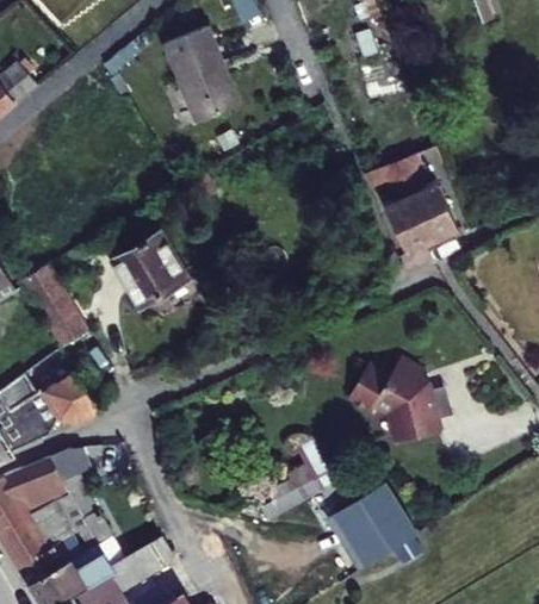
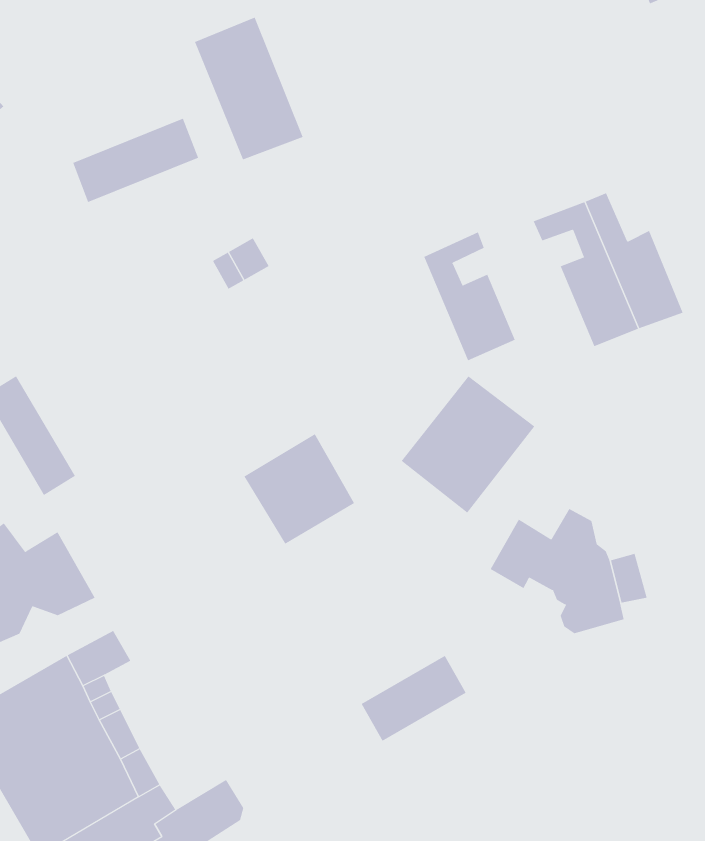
building: none -> [72,118,199,203]
building: none -> [424,232,516,361]
building: [101,238,175,312] -> [244,433,355,545]
building: none -> [401,375,535,513]
building: [336,485,417,565] -> none

